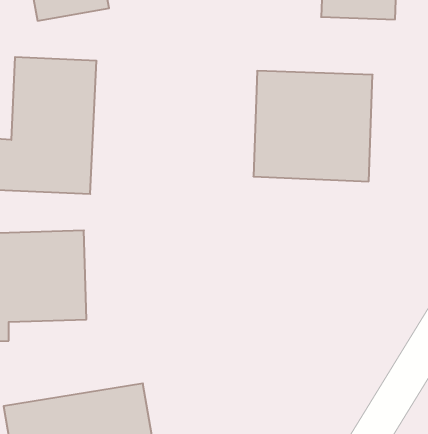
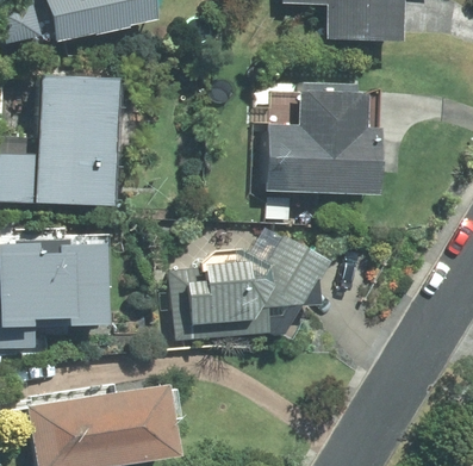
building: none -> [179,236,330,338]

